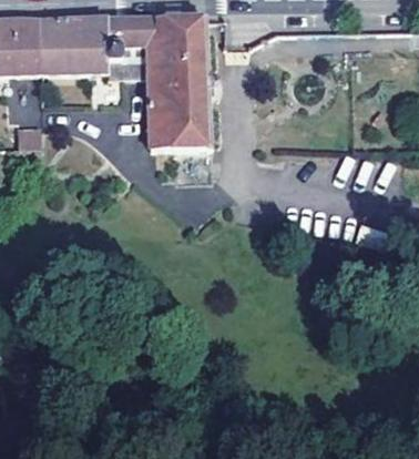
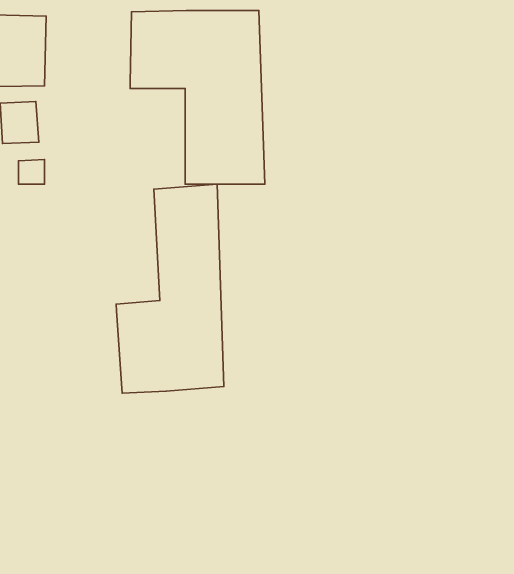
building: [38,16,104,72] -> none
building: none -> [116,184,224,393]

